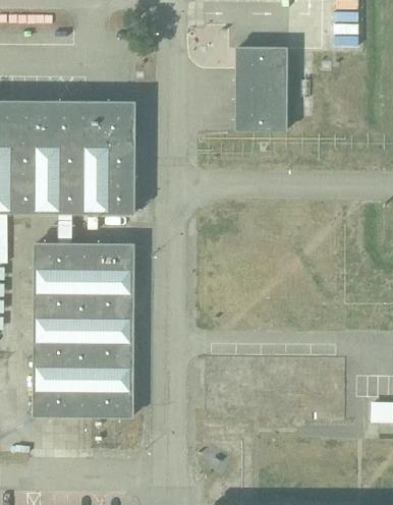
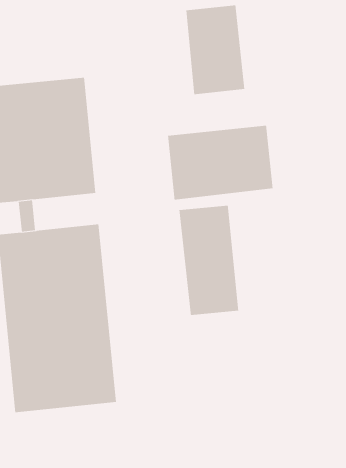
building: none -> [167,125,273,201]
building: none -> [179,205,239,316]

